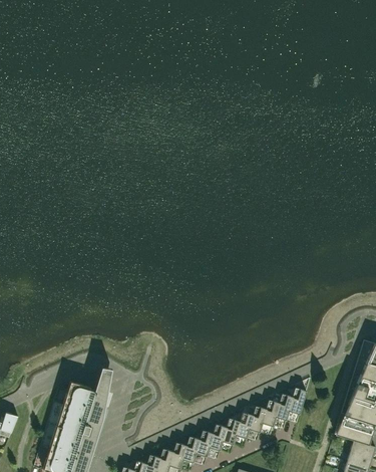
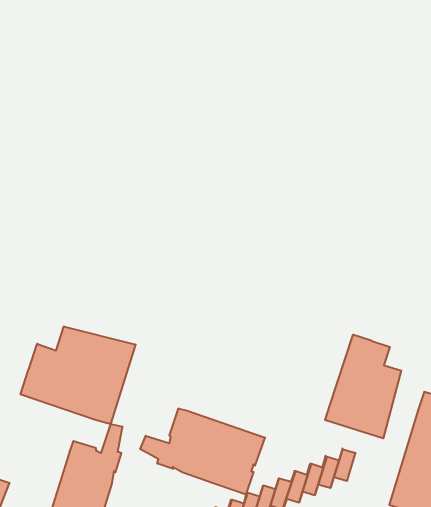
building: none -> [21,326,136,424]
building: none -> [325,335,401,438]
building: none -> [140,408,265,495]

